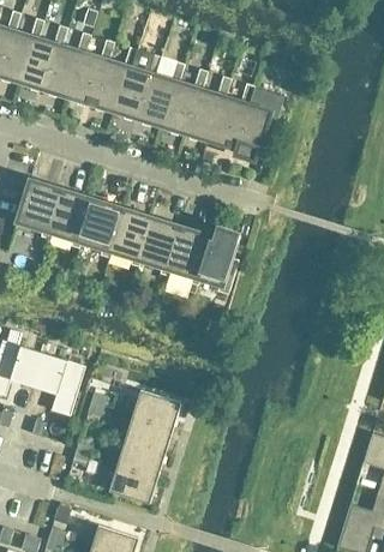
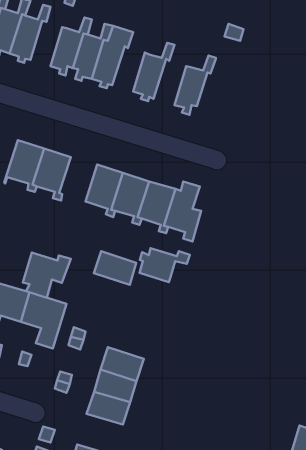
building: [44,34,91,98] -> none
building: [137,62,184,127] -> none
building: [184,77,230,142] -> none
building: [233,88,283,160] -> none
building: [77,199,120,258] -> none
building: none -> [139,248,190,282]
building: none -> [23,252,71,298]
building: [132,390,180,428] -> [94,251,136,285]

